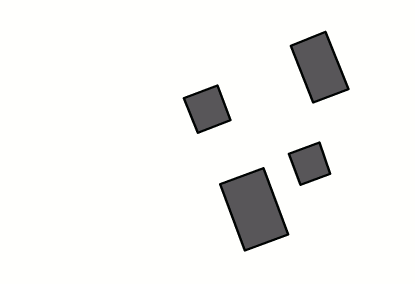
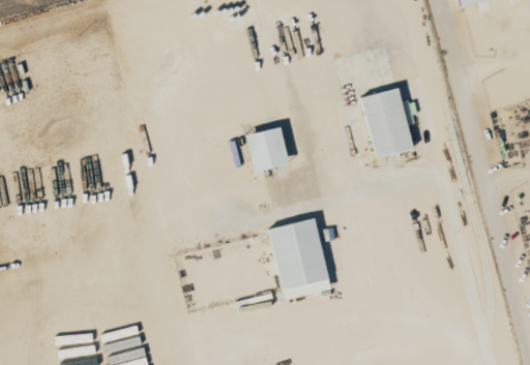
building: [289,143,330,185] -> none

